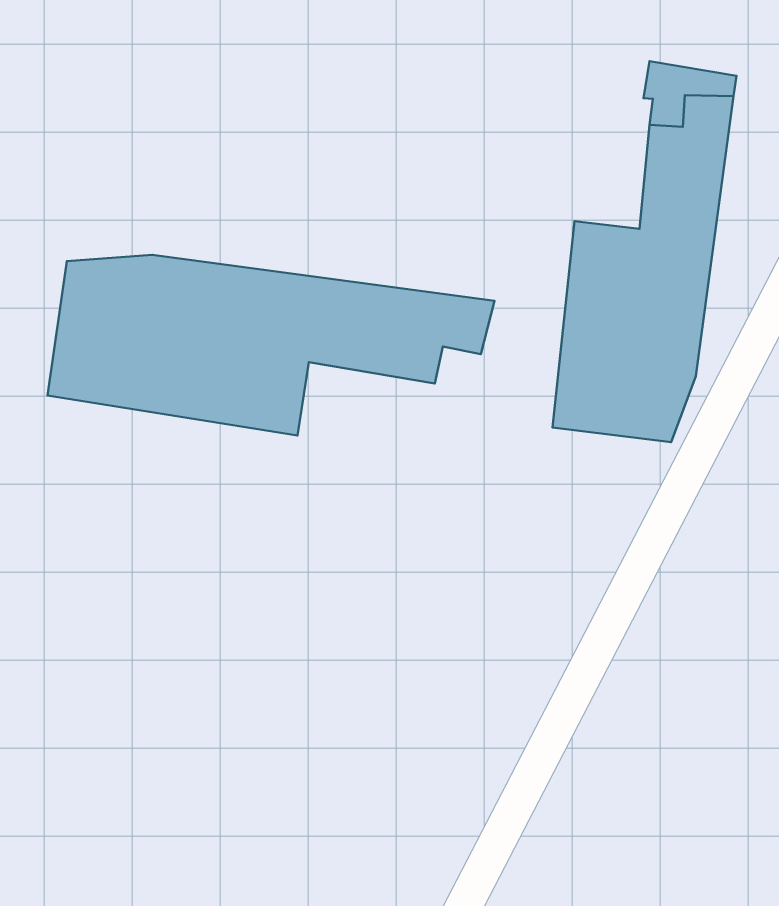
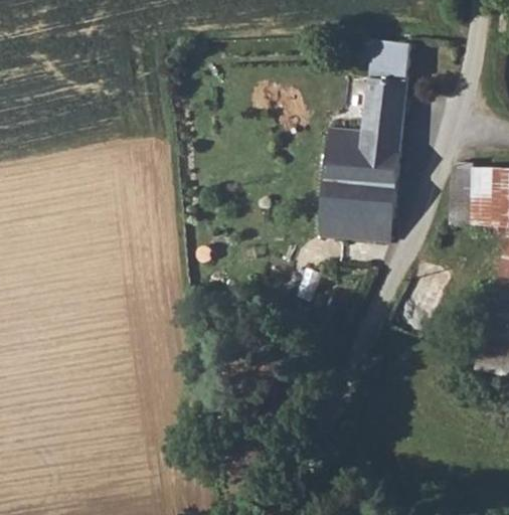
building: [47,255,495,436] -> none

